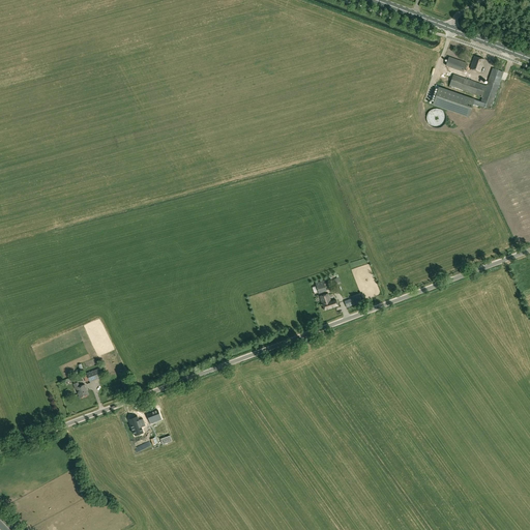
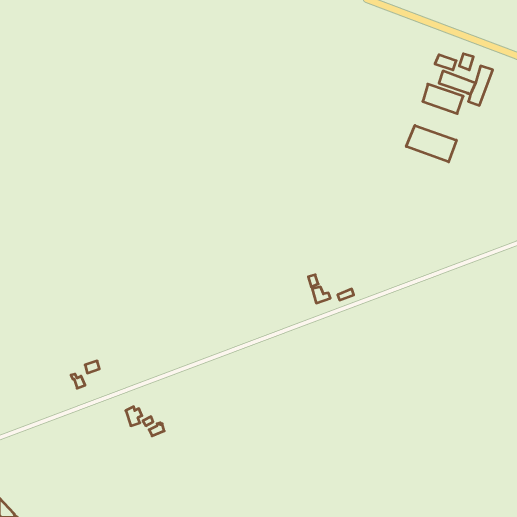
building: none -> [406,125,456,162]

